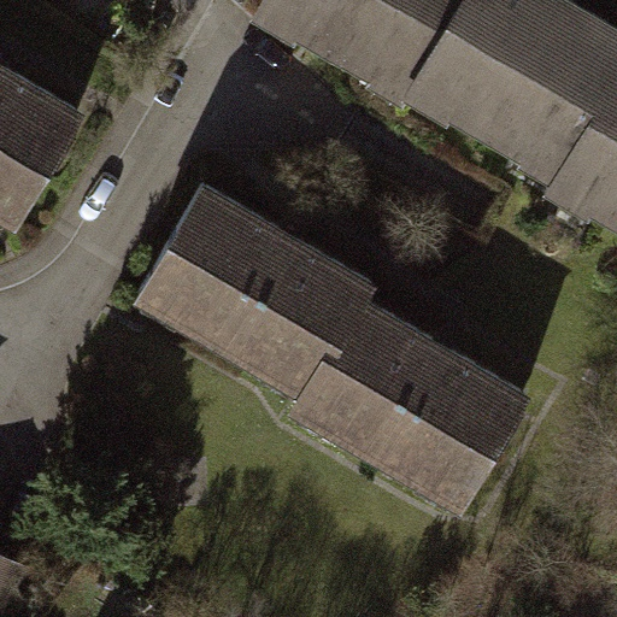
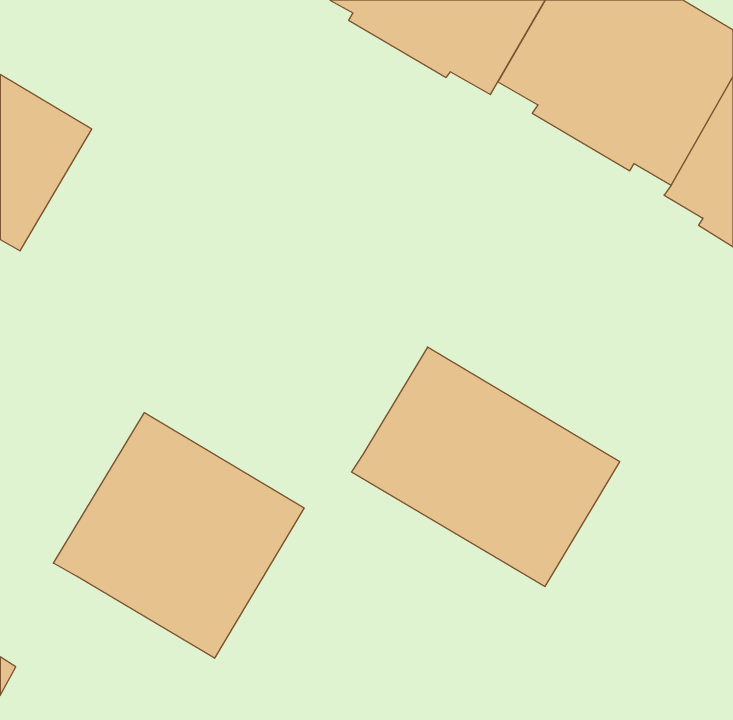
building: [137,189,366,393] -> none
building: none -> [53,413,304,658]

